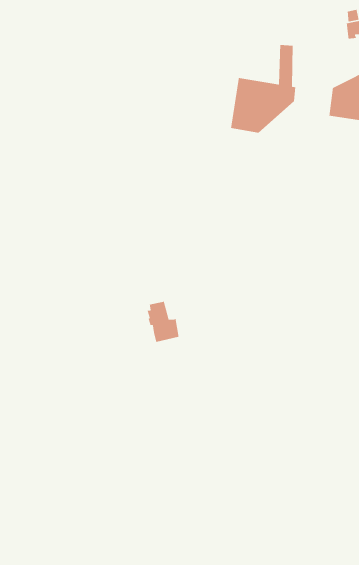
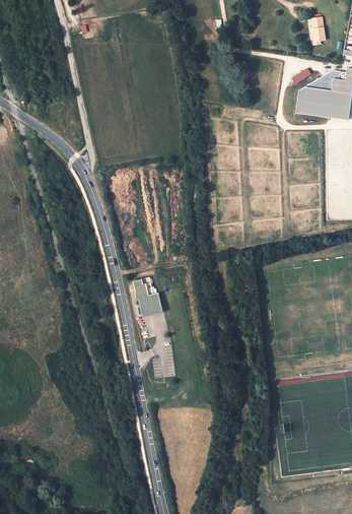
building: [230,44,296,134] -> none

